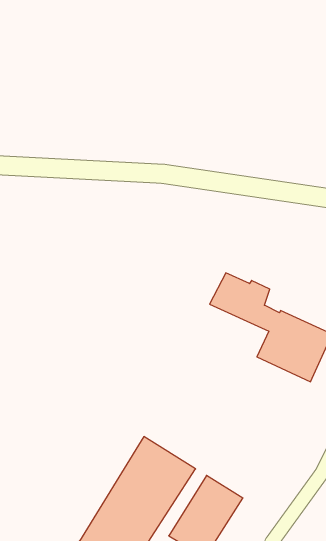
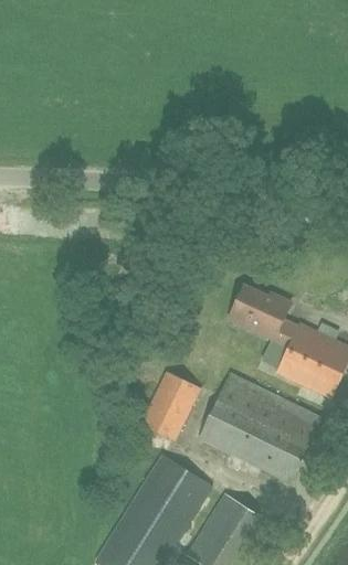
building: none -> [140,372,200,440]
building: none -> [198,373,321,482]

